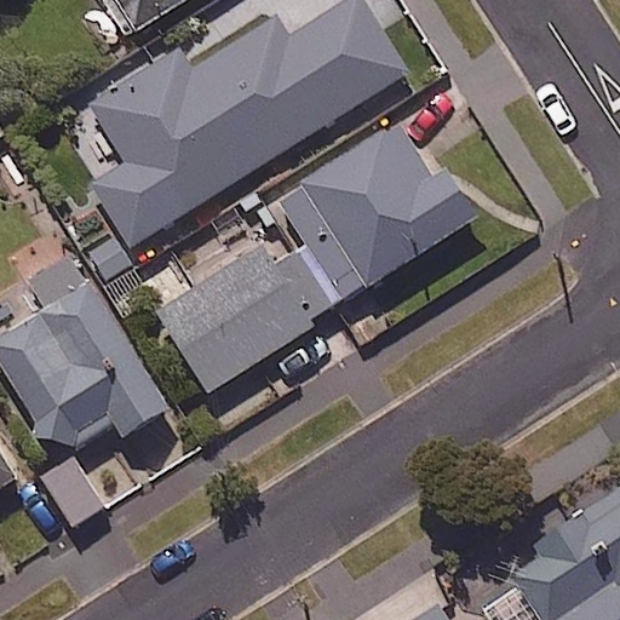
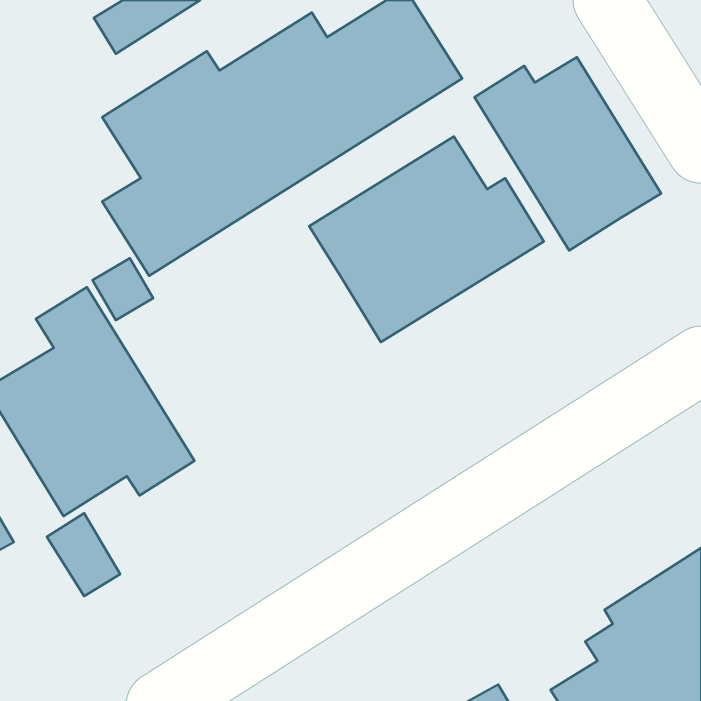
building: none -> [474,57,661,250]
building: [154,243,334,394] -> none

